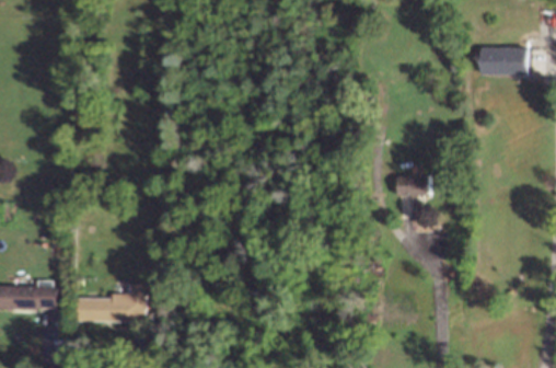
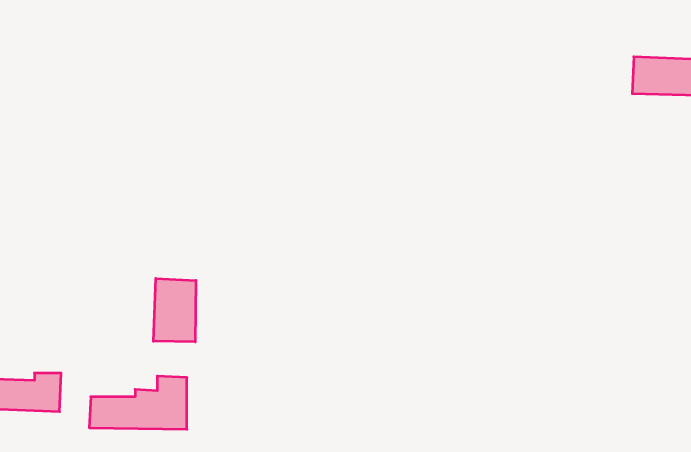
building: [396,176,429,197] -> none
building: none -> [153,278,196,342]

